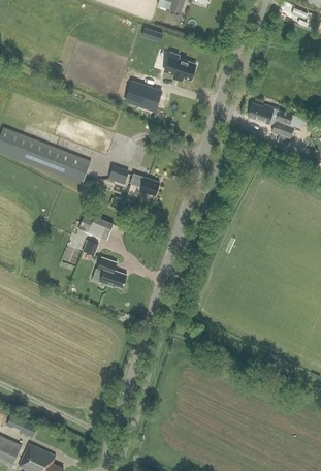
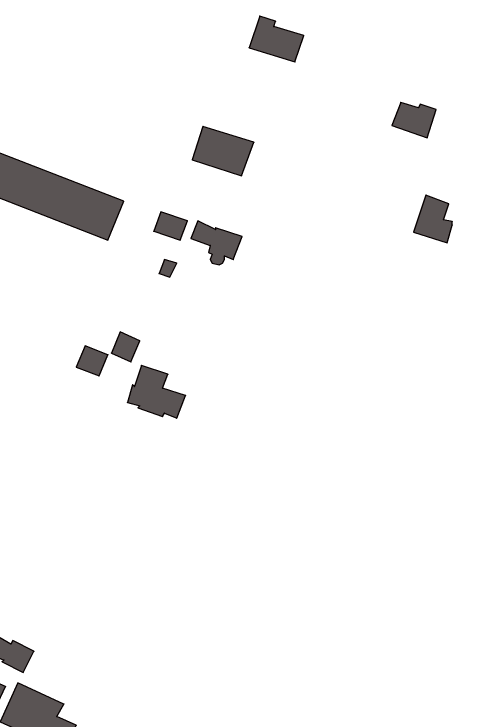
building: [125,82,161,111] -> [192,126,254,176]
building: [270,109,293,137] -> [414,195,452,243]
building: [77,212,113,240] -> none

